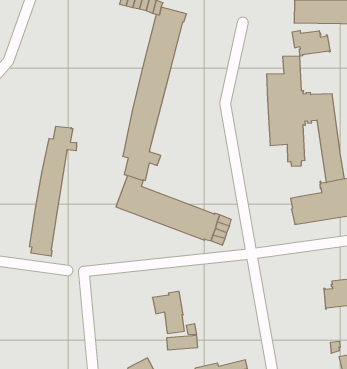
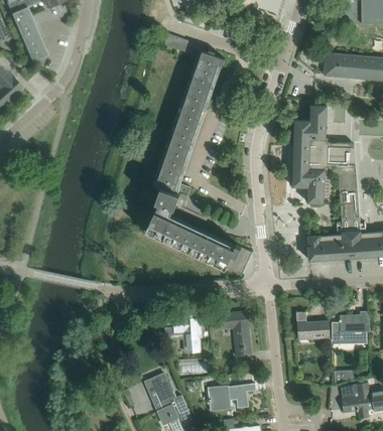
building: [292,30,330,56] -> none
building: [29,126,77,256] -> none
building: none -> [295,311,330,339]
building: none -> [220,311,250,364]

